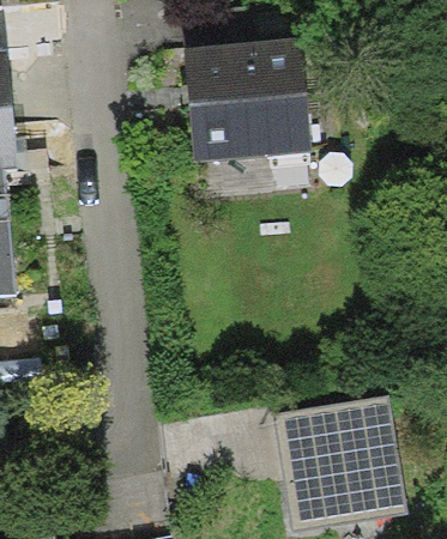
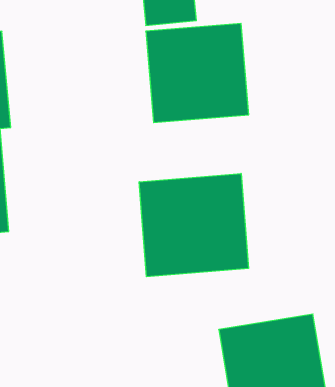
building: none -> [139,173,248,277]

